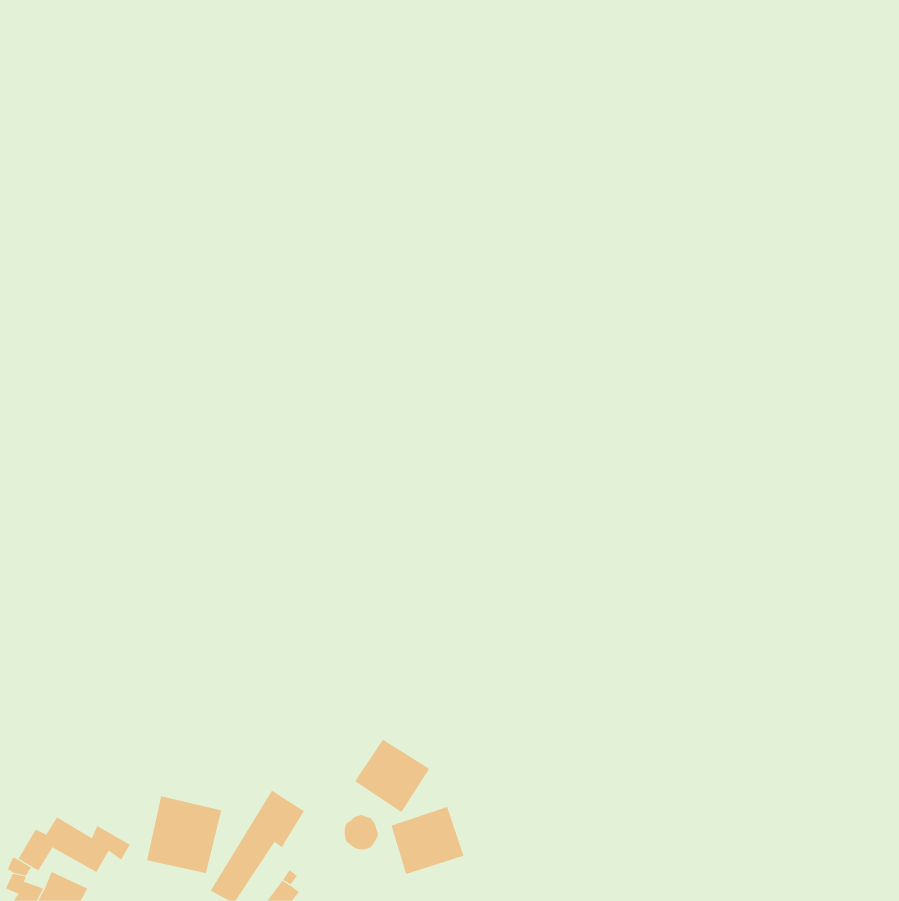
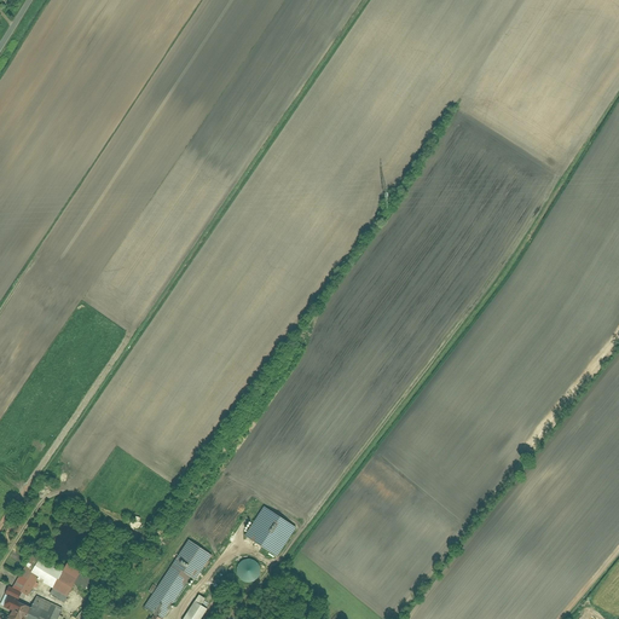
building: [146,795,222,874] -> none
building: [391,806,464,875] -> none

